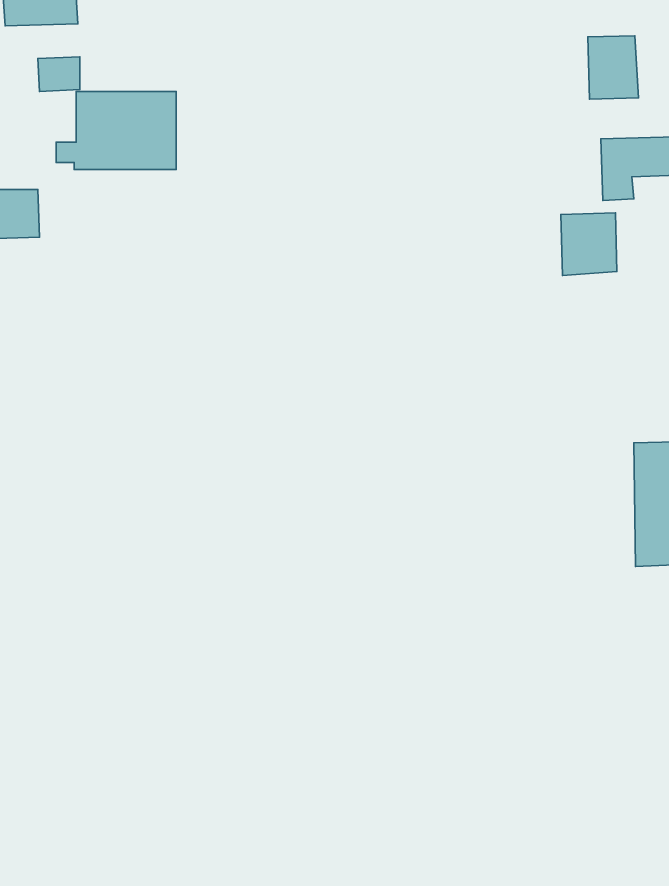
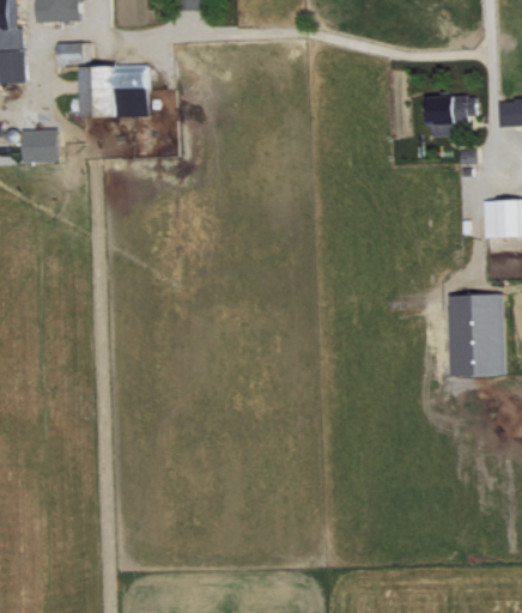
building: [588,36,639,99] -> none
building: [561,213,617,276] -> none

